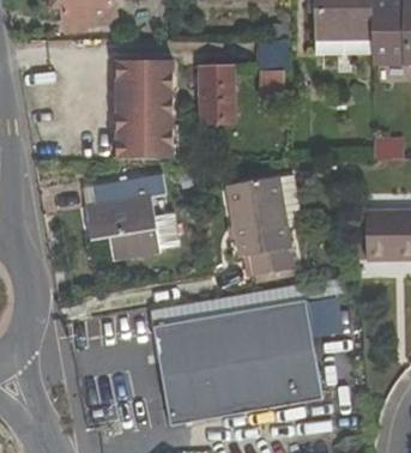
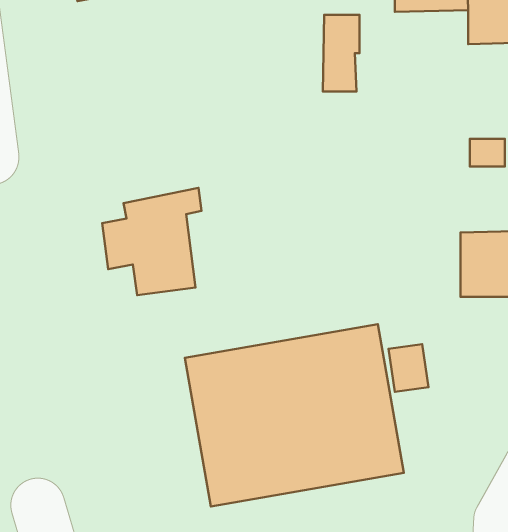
building: [114,60,175,162] -> none
building: [200,67,232,123] -> none
building: [224,177,294,276] -> none

